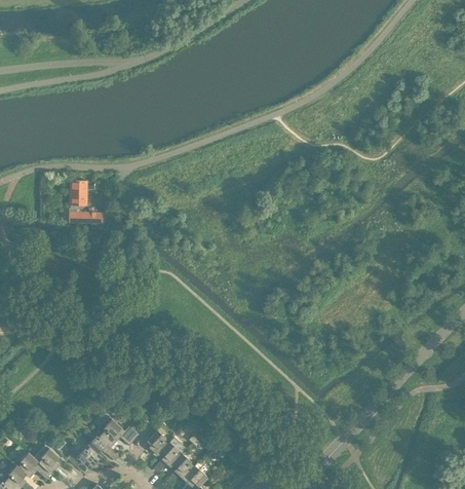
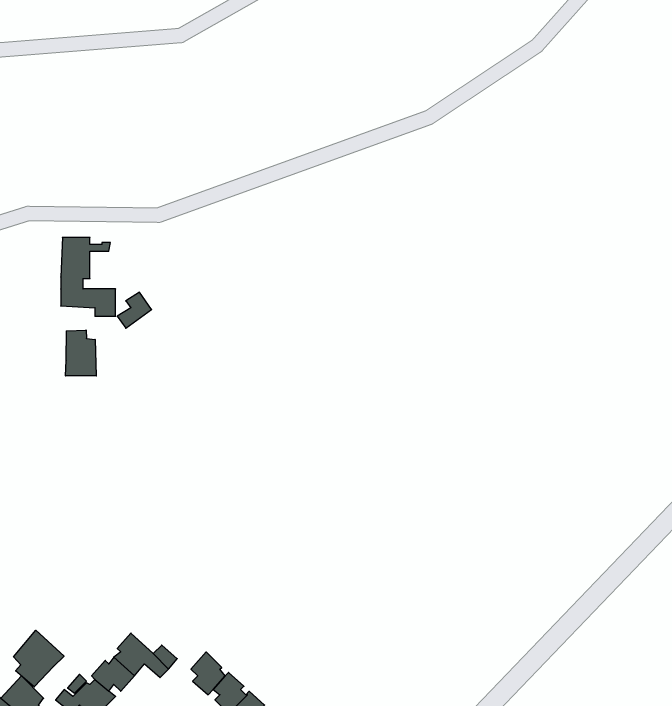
building: none -> [66,330,96,376]
building: none -> [14,630,64,687]

